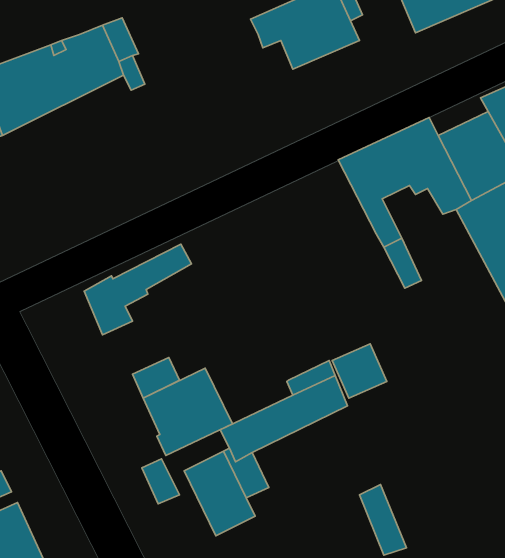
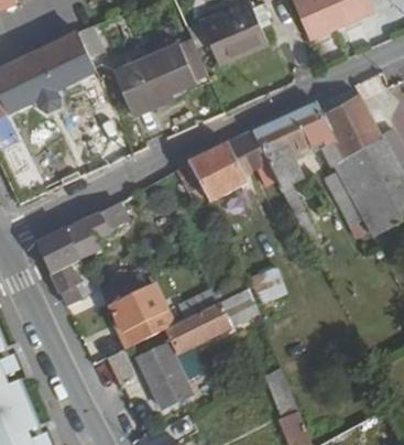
building: none -> [111,40,206,111]
building: none -> [187,131,277,203]
building: none -> [36,227,78,307]

